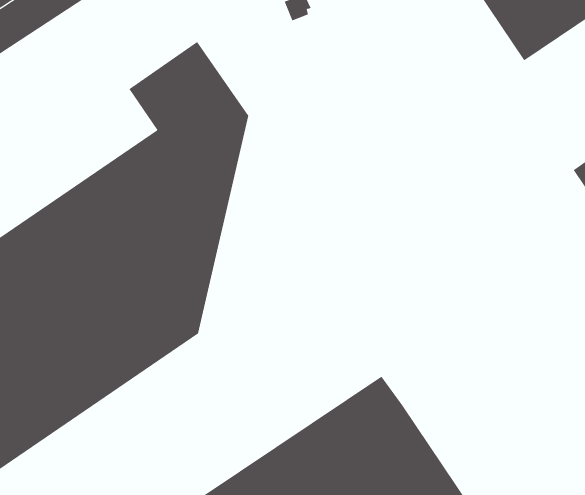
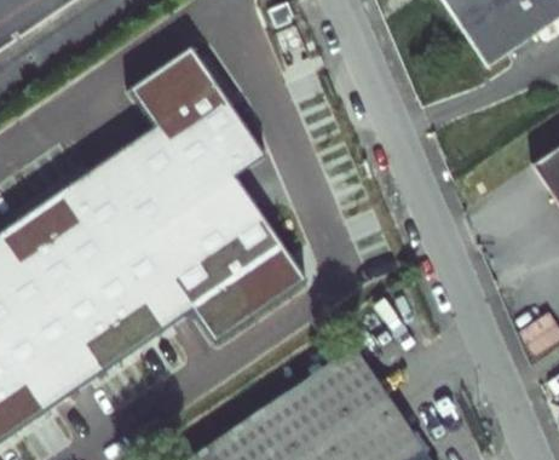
building: none -> [190,113,306,344]

